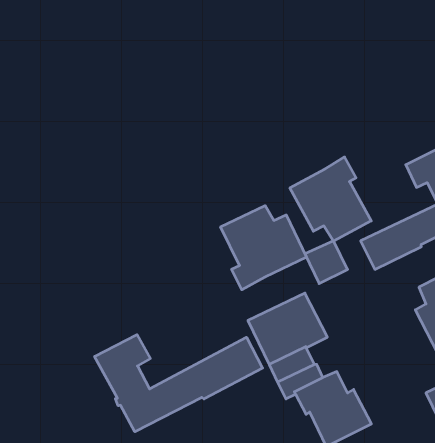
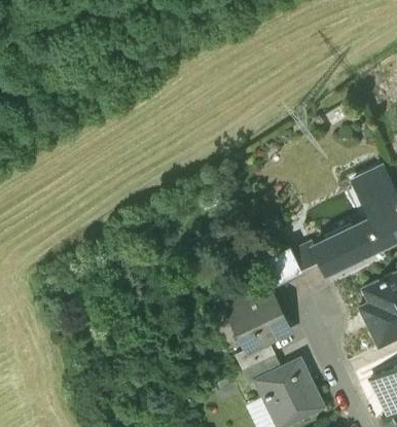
building: [290,157,371,241] -> none
building: [221,206,306,290] -> none
building: [95,335,263,432] -> none

